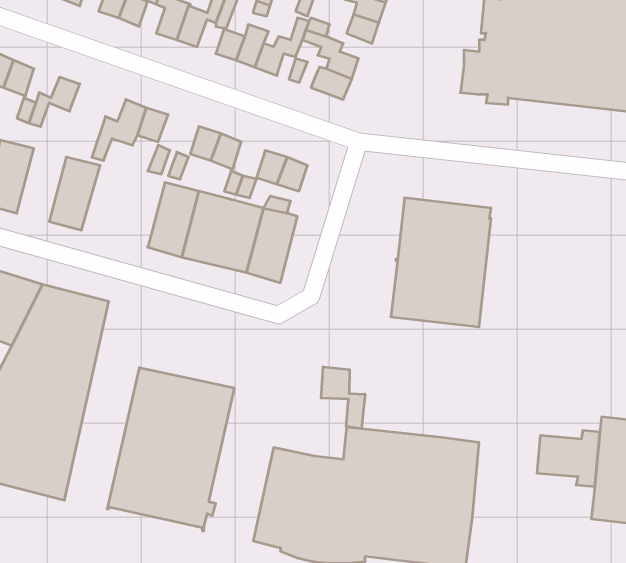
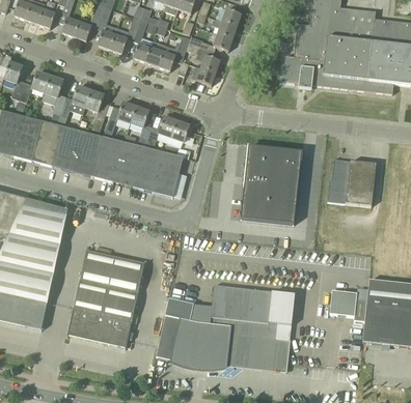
building: none -> [42,76,65,121]
building: none -> [11,115,42,160]
building: none -> [51,125,102,175]
building: none -> [328,159,376,205]
building: [321,367,365,429] -> none

